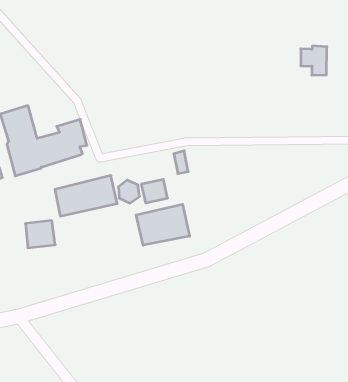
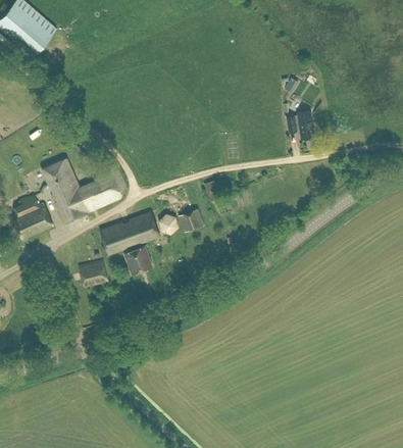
building: [301,46,327,75] -> [287,111,313,139]
building: [136,204,190,245] -> none
building: none -> [123,245,151,273]

